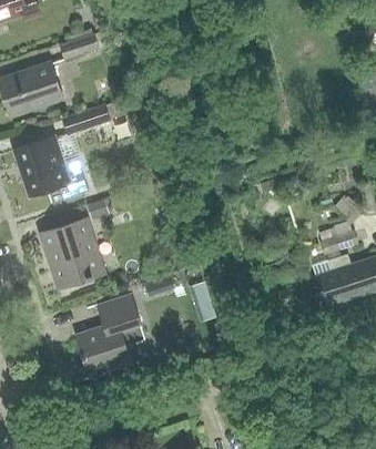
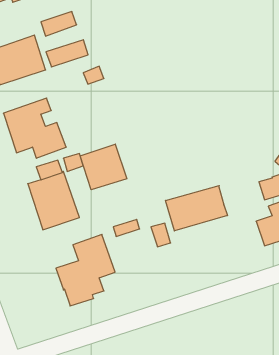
building: [60,102,110,134] -> [46,40,88,67]
building: none -> [80,144,127,190]
building: none -> [166,186,227,231]

